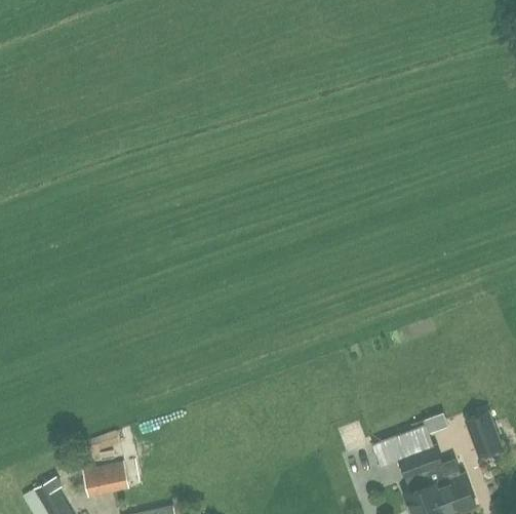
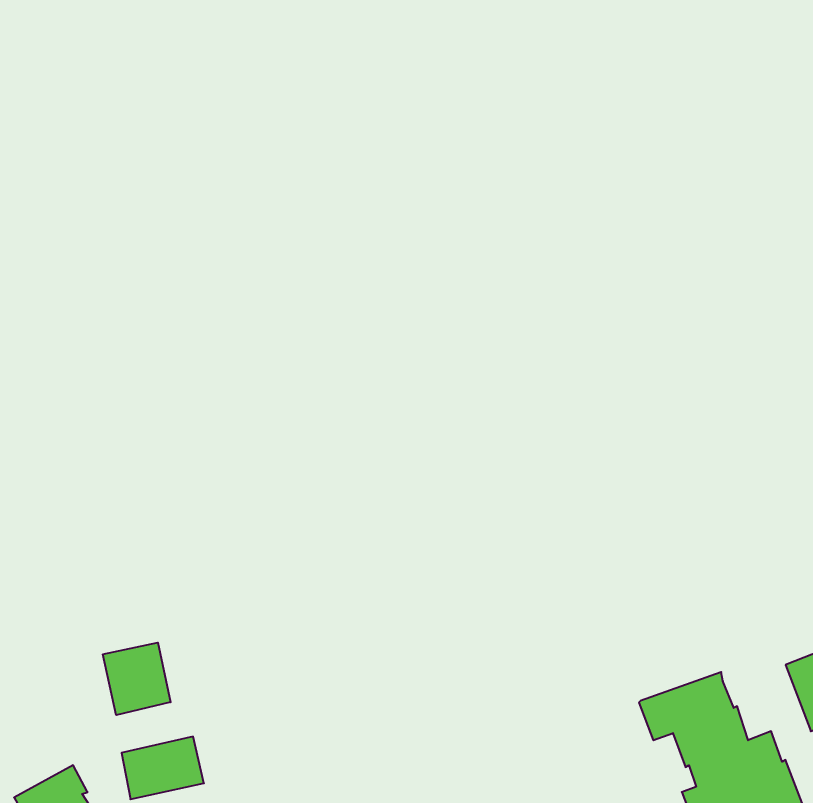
building: none -> [103,643,171,715]

